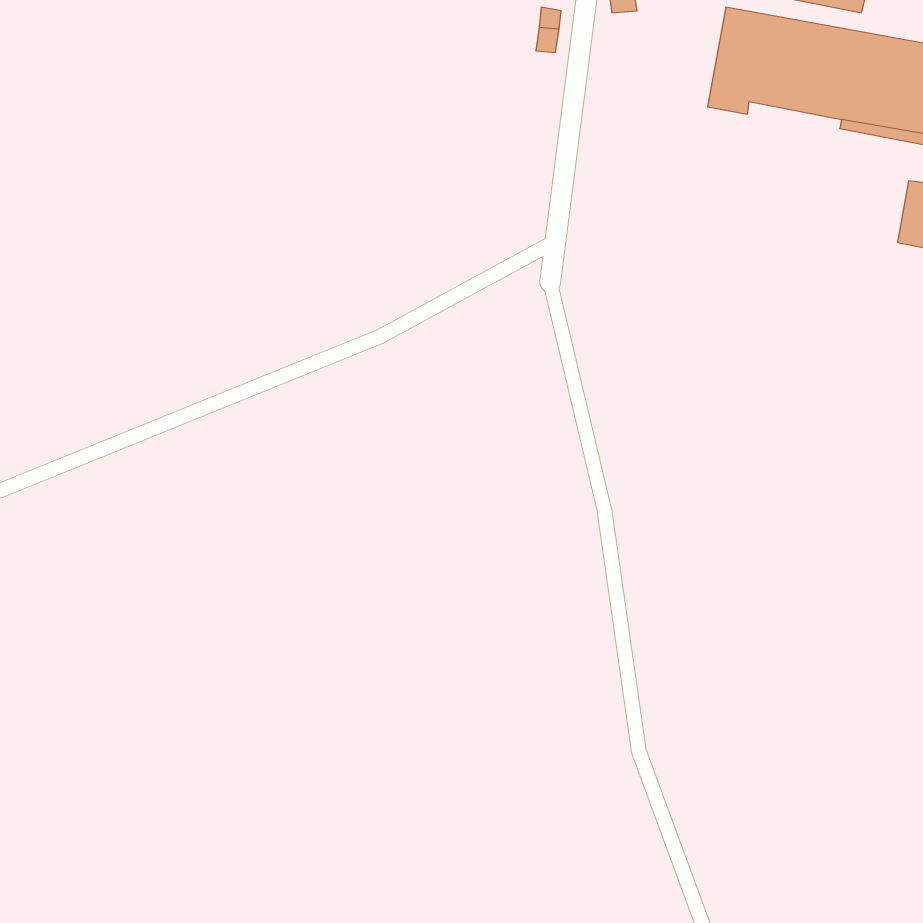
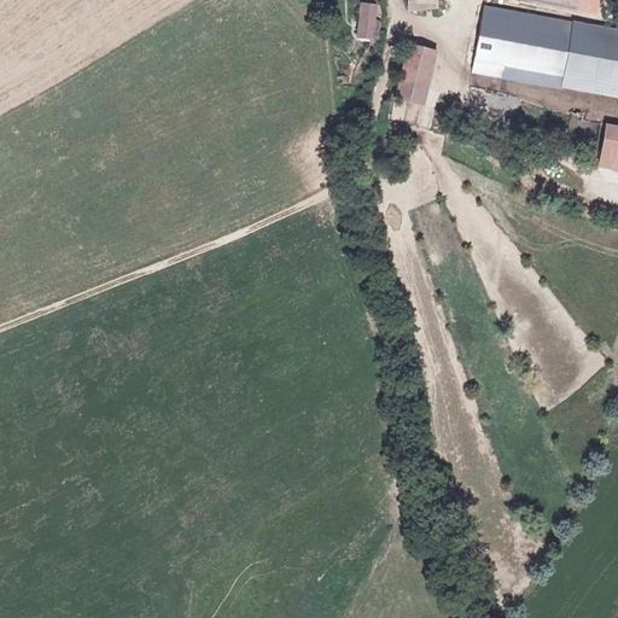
building: none -> [395,42,437,104]

